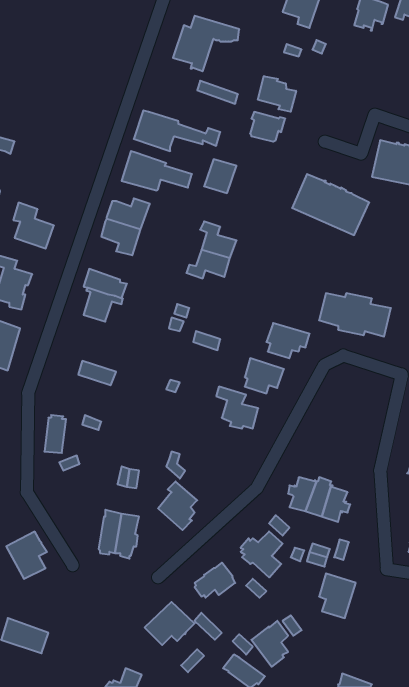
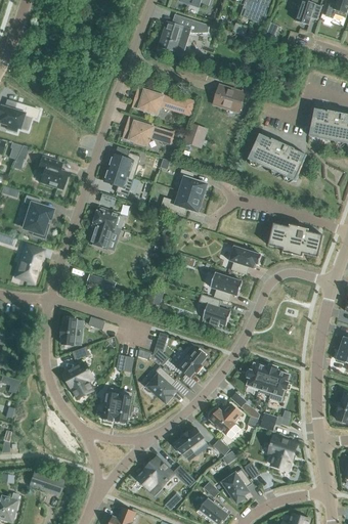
building: [258,76,296,112] -> none
building: none -> [177,348,207,377]
building: [6,532,47,579] -> [63,361,94,397]

